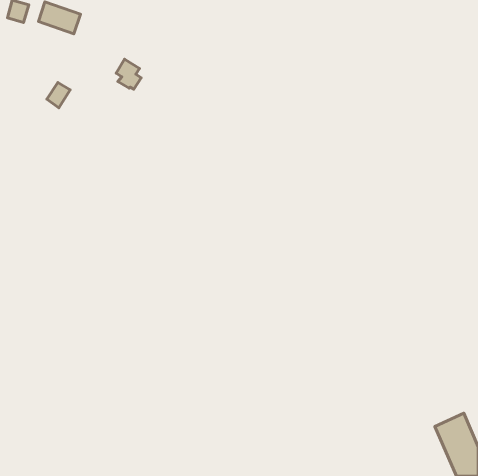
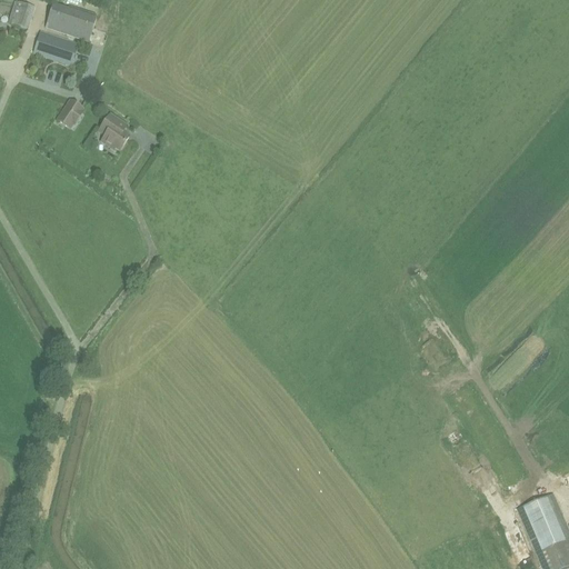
building: none -> [33,30,78,63]
building: [116,59,141,89] -> [99,112,129,148]

